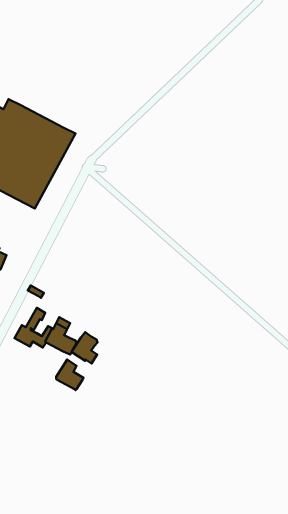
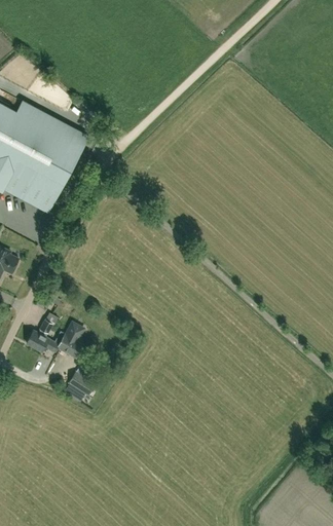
building: [72,332,97,364] -> none

